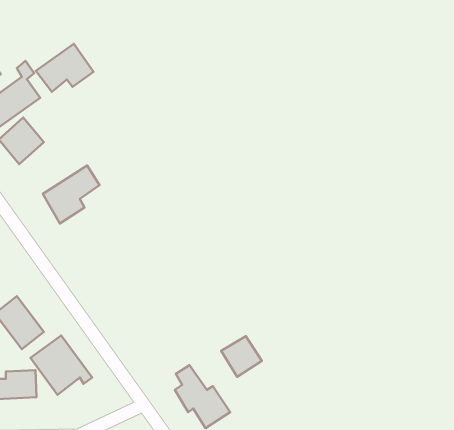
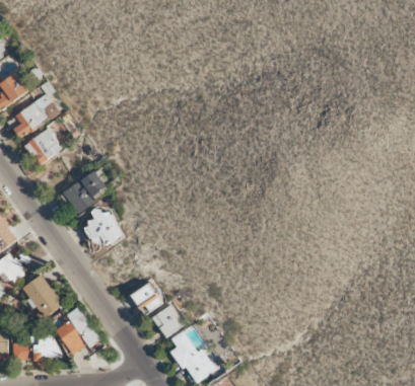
building: [36,44,94,92] -> none
building: none -> [83,210,121,248]
building: none -> [130,284,161,315]
building: [221,336,262,377] -> [150,305,184,338]

